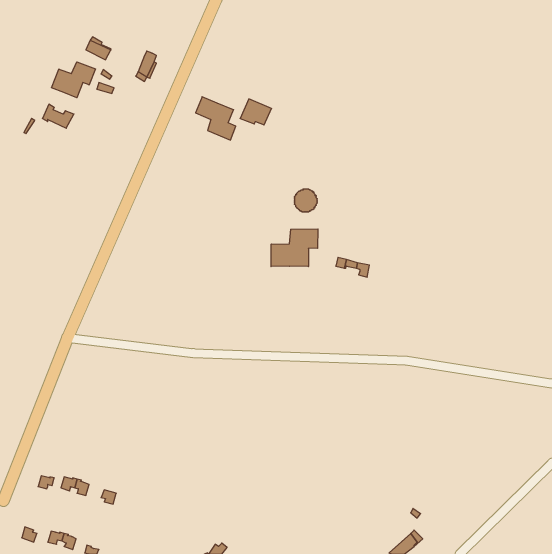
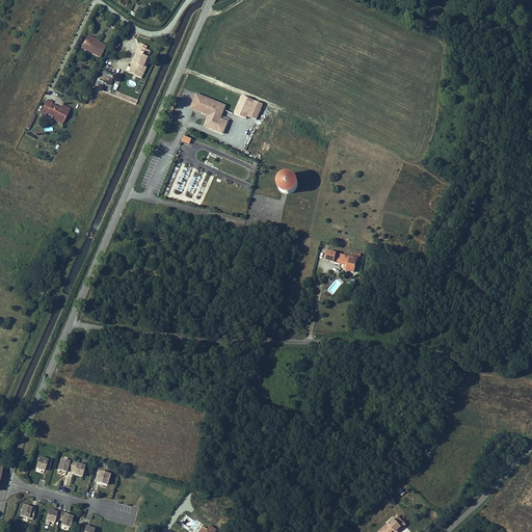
building: [51,62,96,98] -> none
building: [271,229,318,267] -> none

